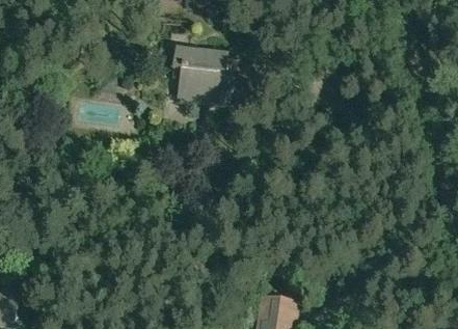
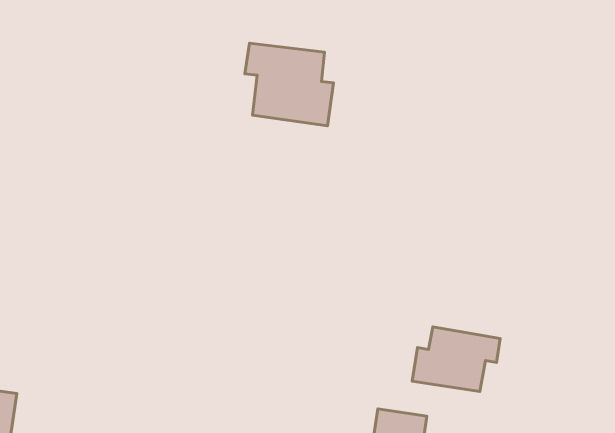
building: none -> [412,327,500,392]

